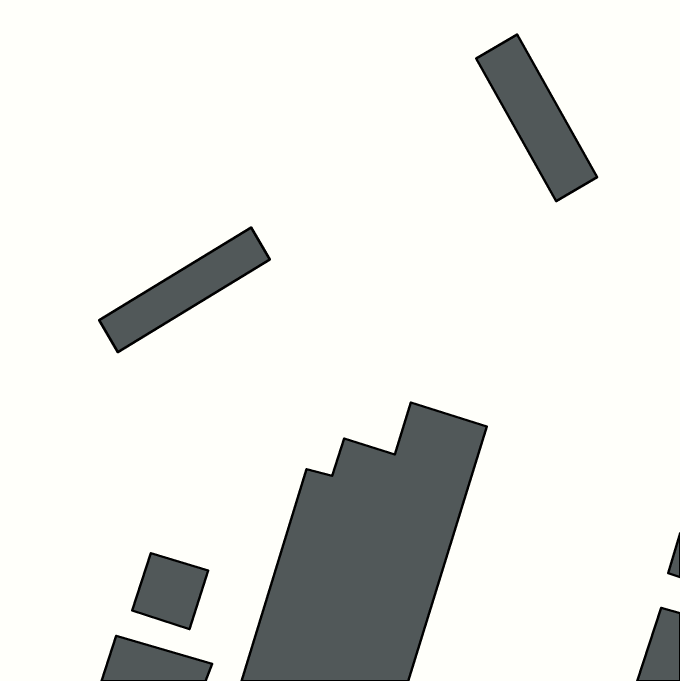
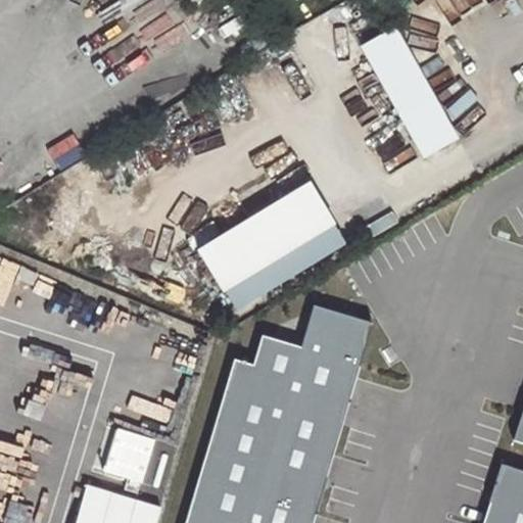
building: [99,227,270,352] -> none
building: none -> [192,180,338,305]

